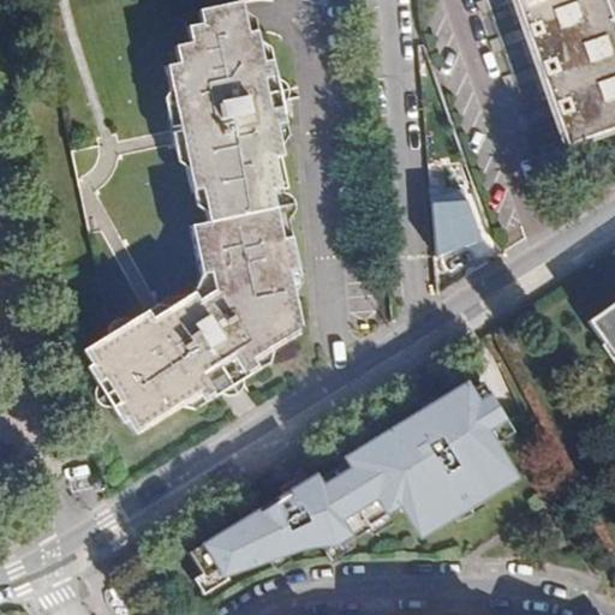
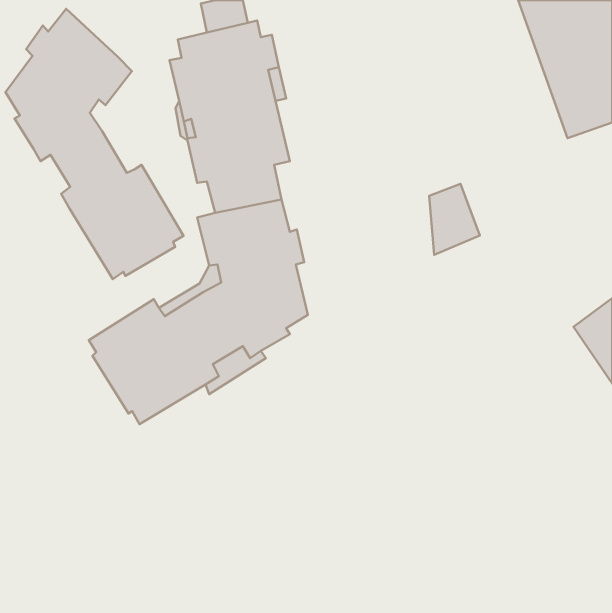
building: none -> [6,9,183,279]
building: [172,386,512,603] -> none

